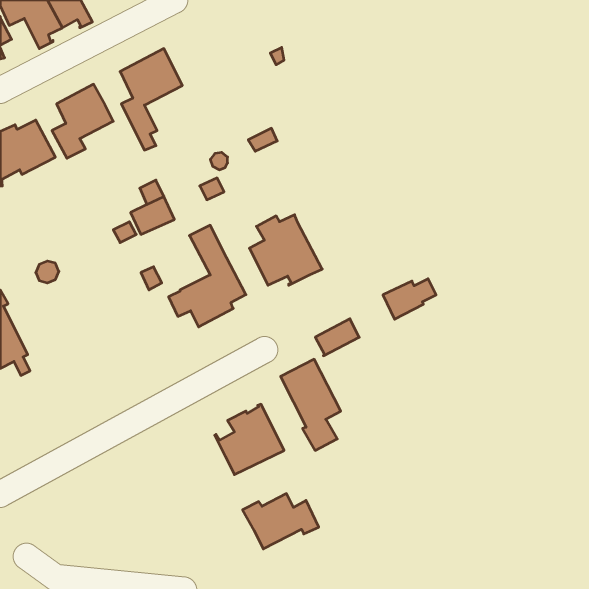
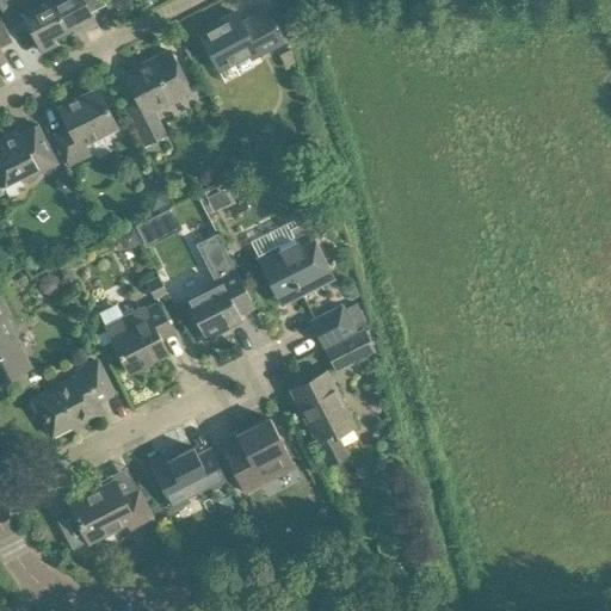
building: none -> [199,11,284,70]
building: [383,279,436,319] -> [311,303,366,345]
building: none -> [94,301,177,372]
building: none -> [35,360,115,434]
building: none -> [57,482,154,548]
building: [243,494,319,549] -> [149,448,228,505]

